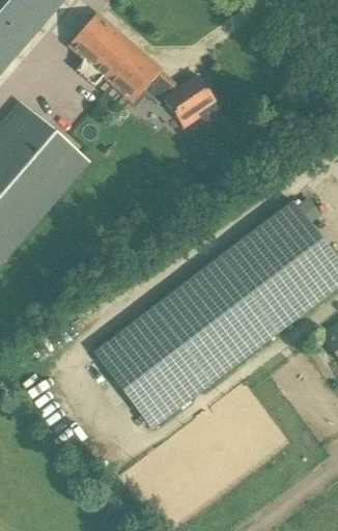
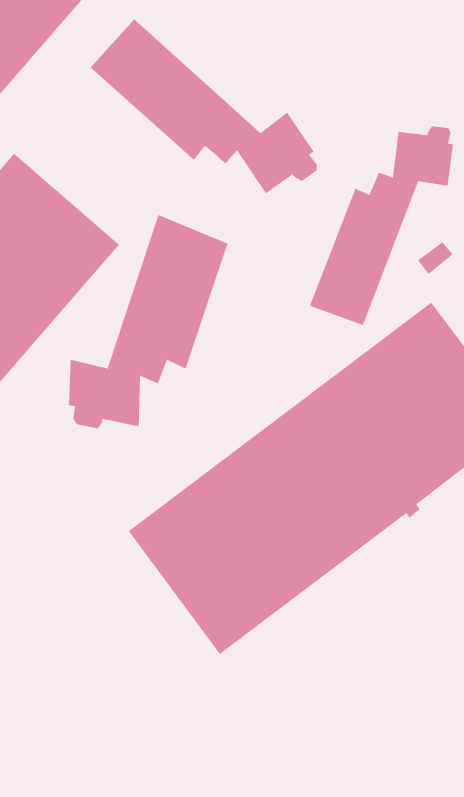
building: none -> [309,125,454,326]
building: none -> [68,214,228,429]

